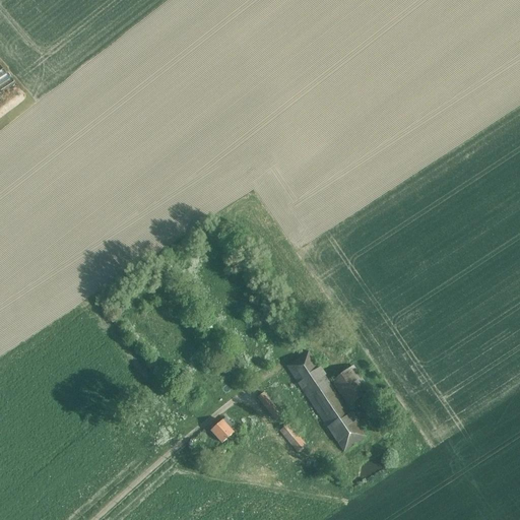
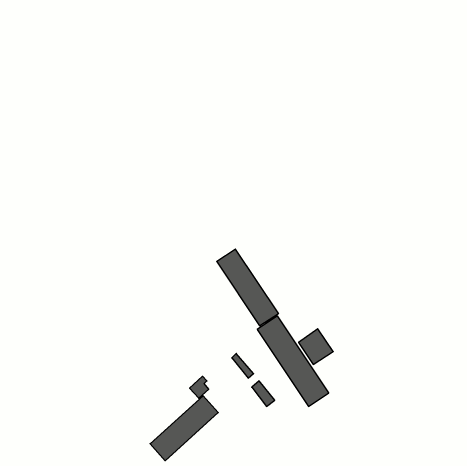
building: none -> [217,249,278,326]
building: none -> [150,396,218,461]

